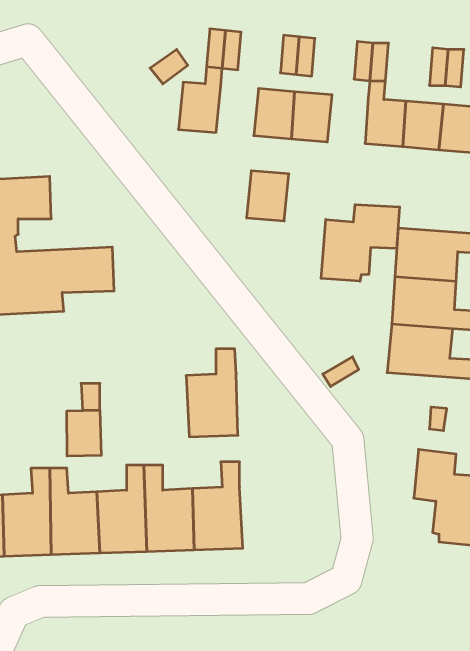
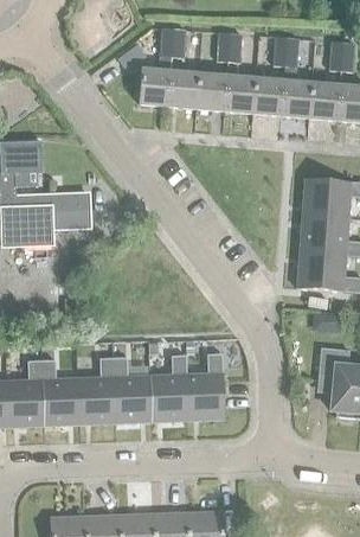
building: none -> [251,77,282,114]
building: [247,171,289,221] -> [167,70,199,108]
building: [321,205,400,281] -> none
building: [186,349,238,437] -> [185,353,224,420]
building: [67,410,101,456] -> none

